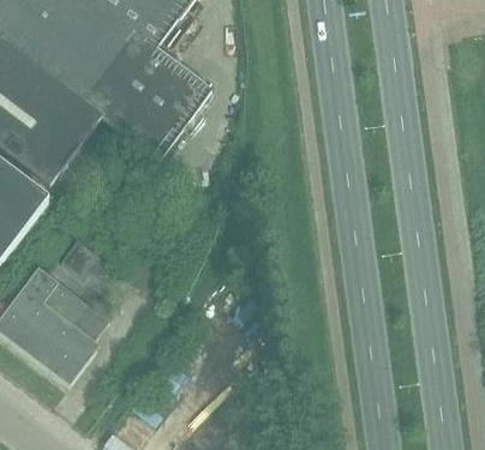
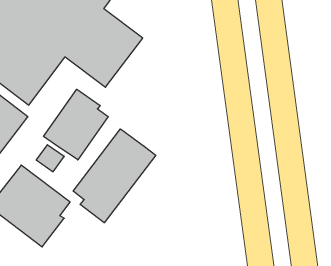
building: none -> [44,89,108,160]
building: none -> [73,129,156,223]

